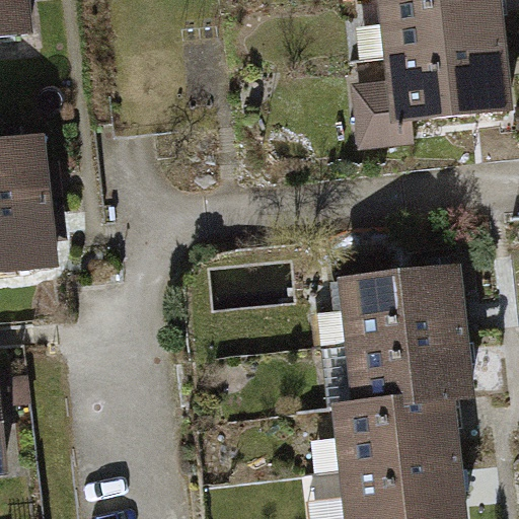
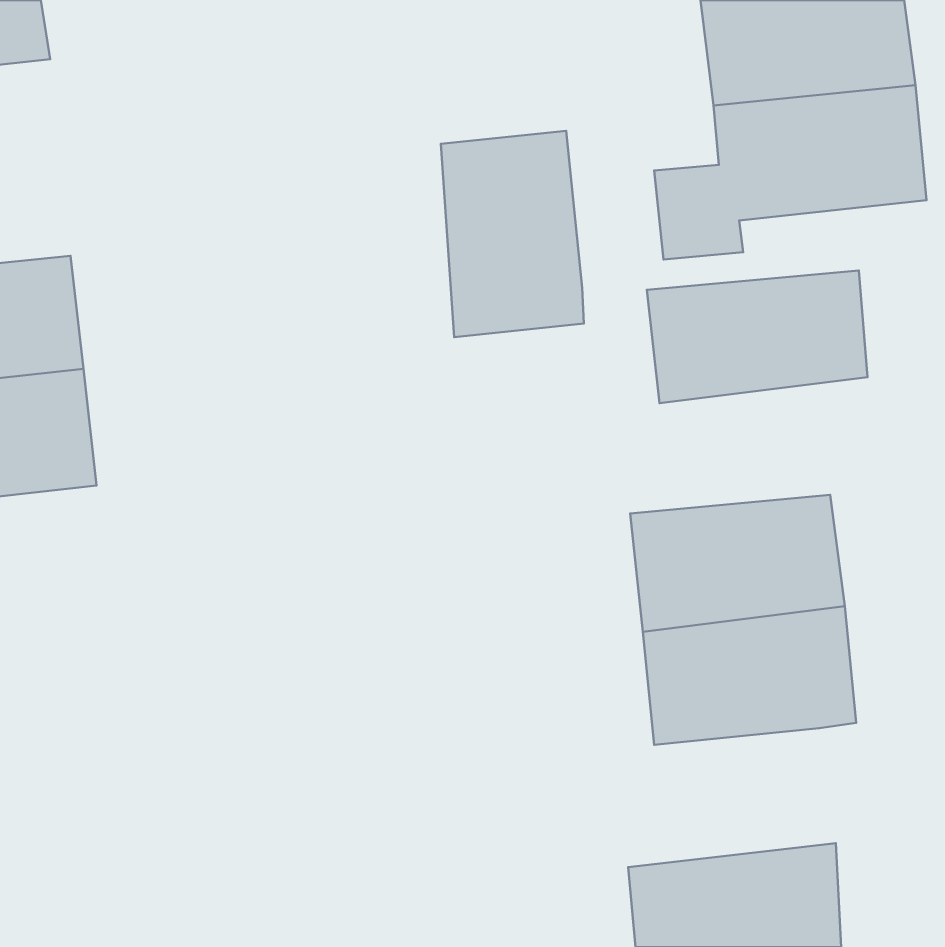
building: none -> [441,131,584,337]
building: none -> [647,270,868,403]
building: [340,398,457,474] -> none

